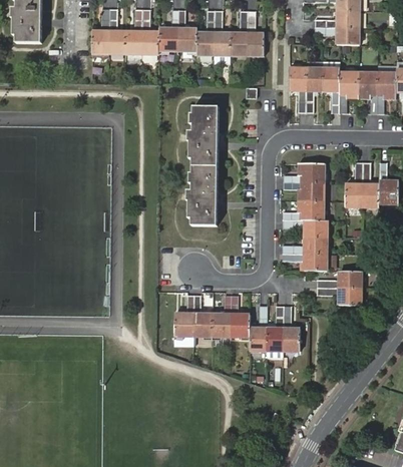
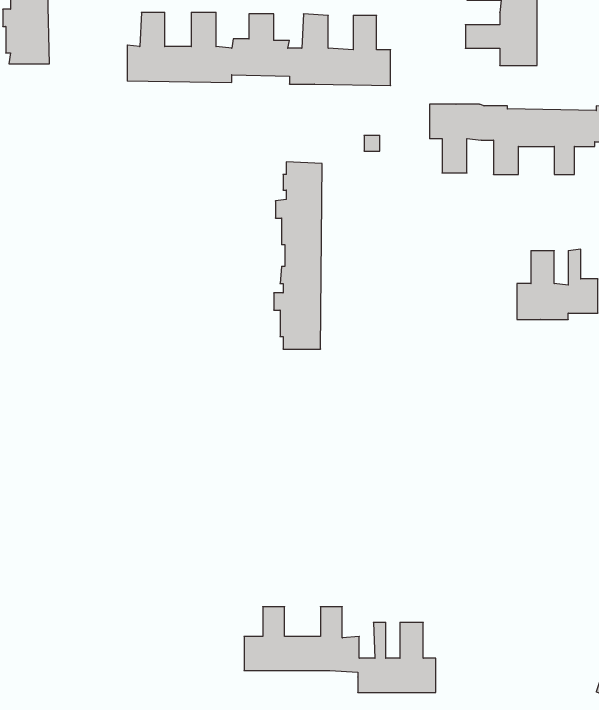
building: [282,164,327,272] -> none
building: [316,272,360,305] -> none
building: [176,296,300,351] -> [244,607,436,692]

